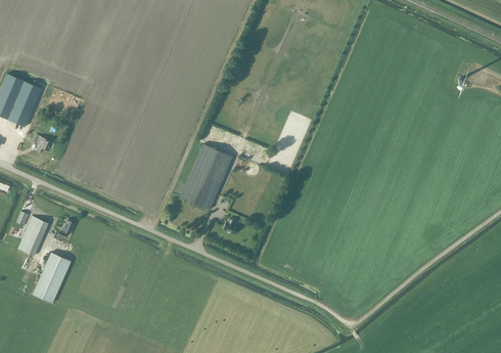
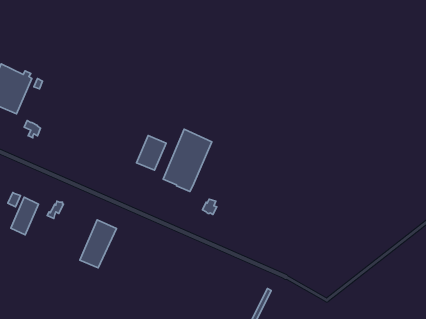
building: none -> [136,136,166,170]
building: [33,252,72,303] -> [80,220,116,268]

